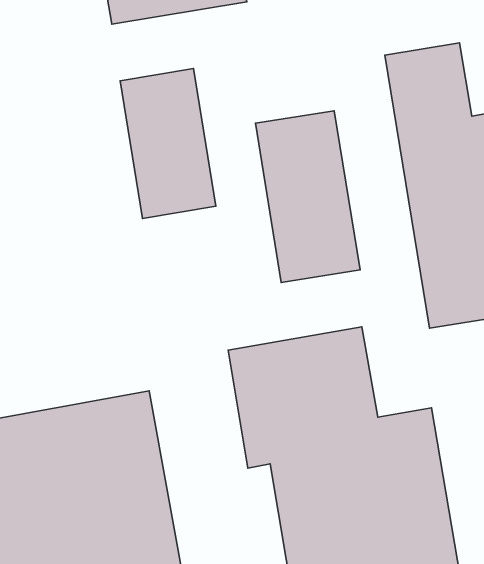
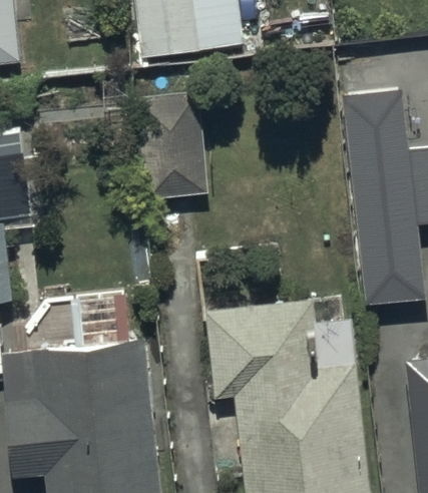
building: [255,111,360,282] -> none

